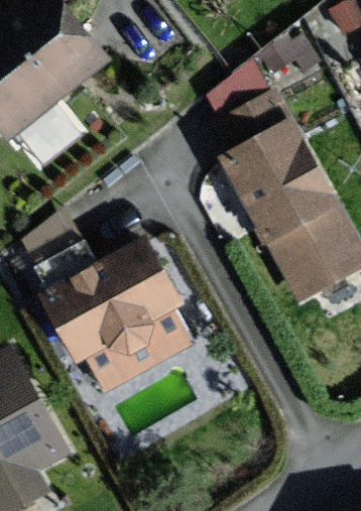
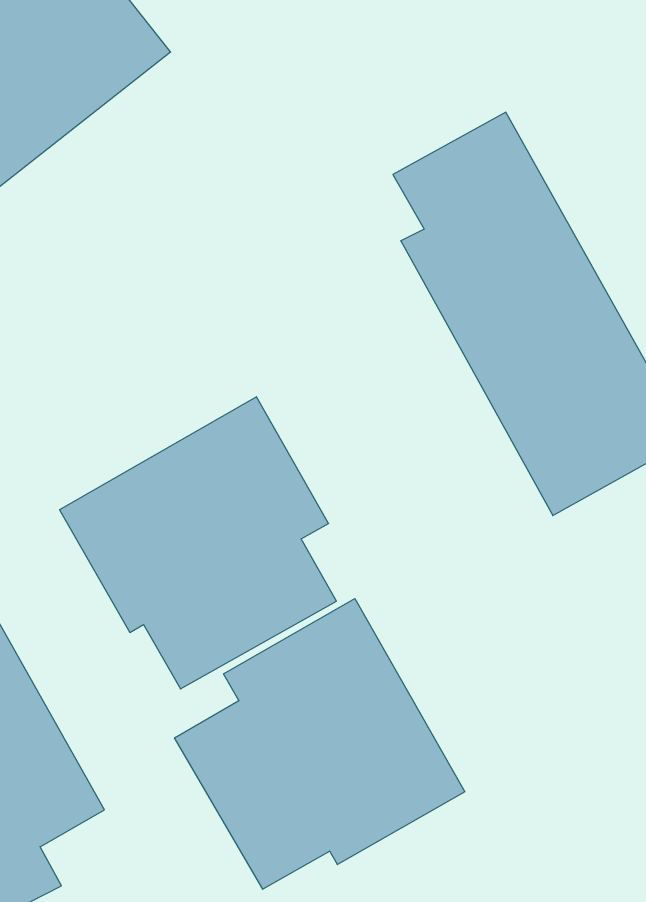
building: none -> [175,599,465,889]

